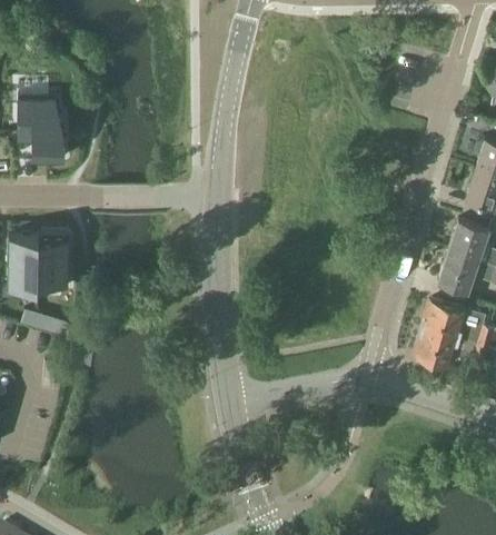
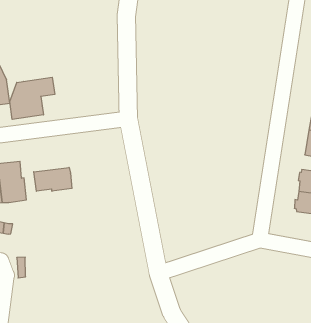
building: none -> [10,77,55,119]
building: none -> [34,167,72,191]

